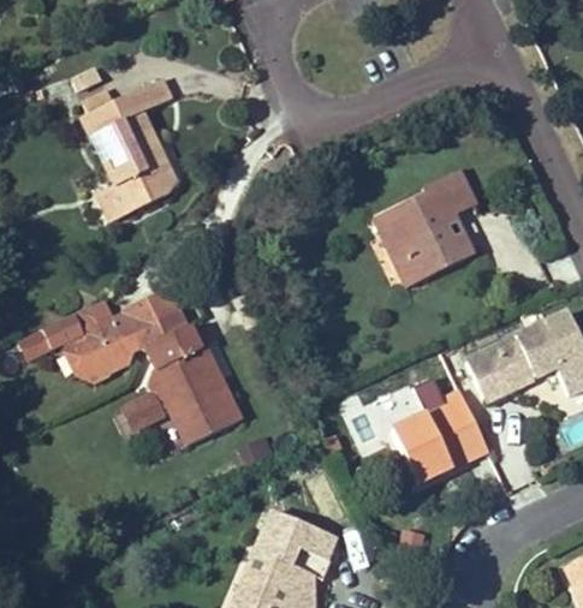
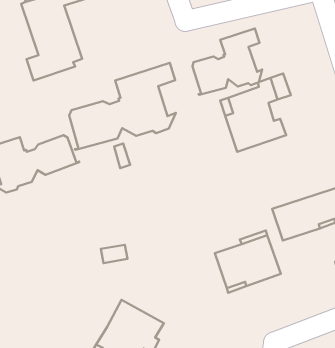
building: none -> [192,28,262,95]
building: none -> [69,63,176,150]
building: [137,327,240,445] -> none

